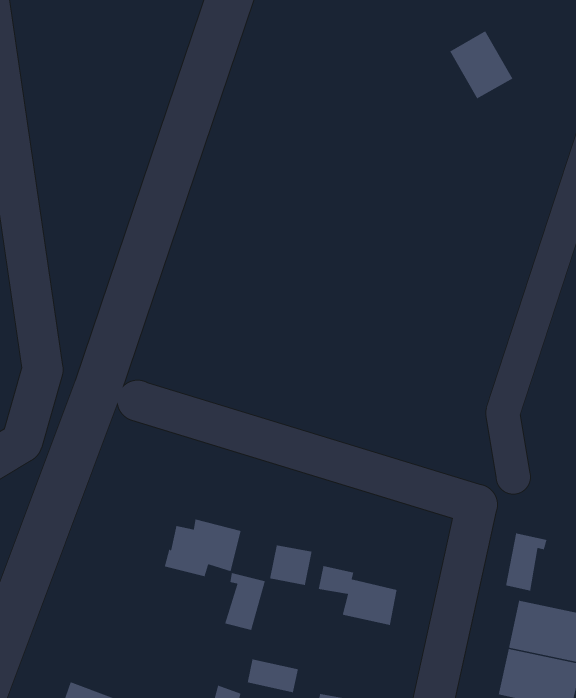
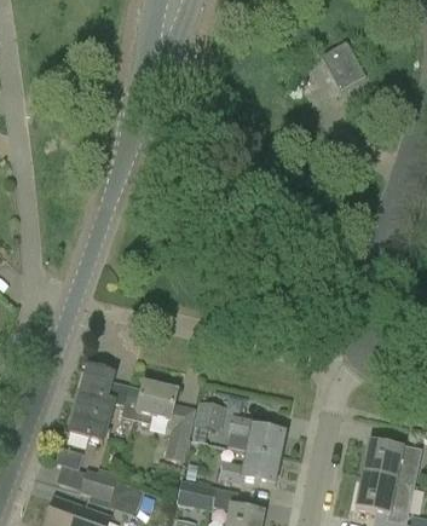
building: none -> [69,362,129,440]
building: [505,533,547,591] -> none
building: none -> [219,450,279,482]
building: none -> [56,464,119,499]

